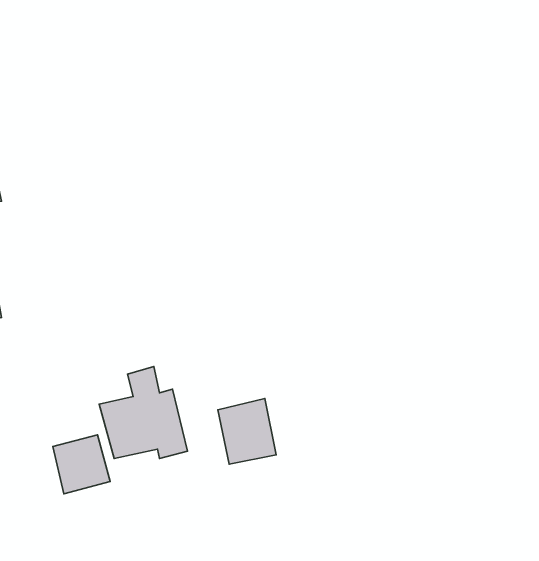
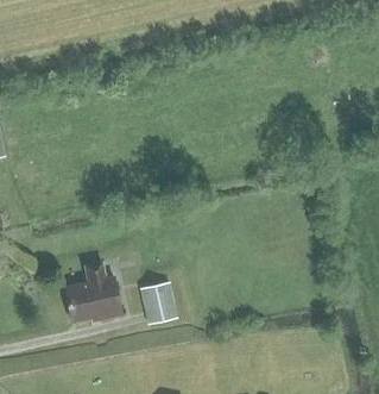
building: [53,435,110,494] -> none

